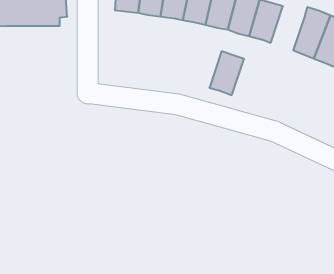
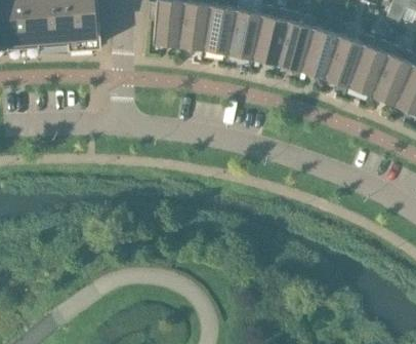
building: [209,51,244,95] -> [323,36,361,84]

